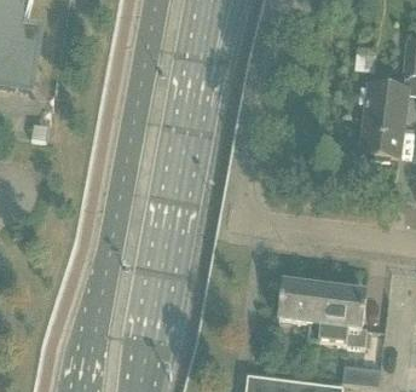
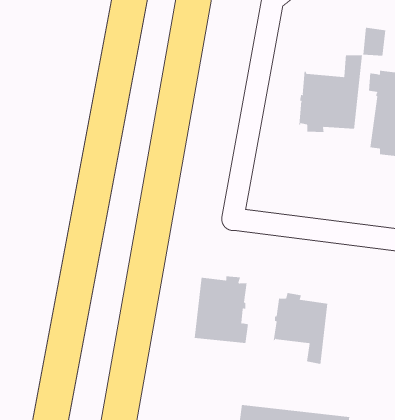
building: none -> [299,54,363,133]
building: [320,286,369,345] -> [194,276,249,344]

